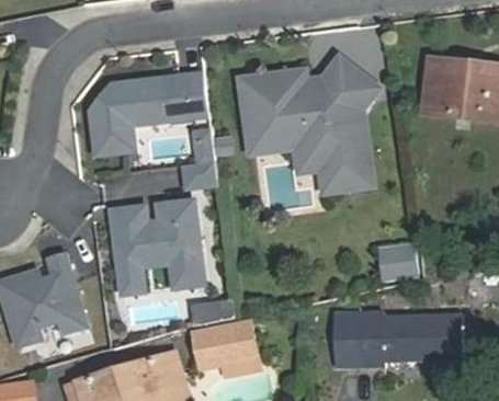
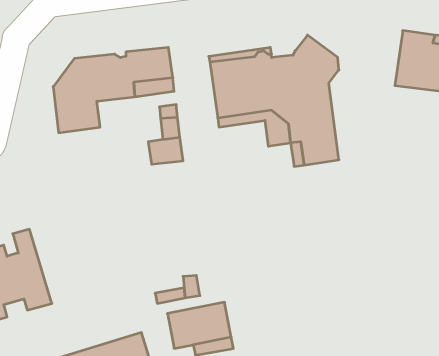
building: [110,200,201,294] -> none
building: [381,244,416,279] -> none
building: [333,311,460,365] -> none

